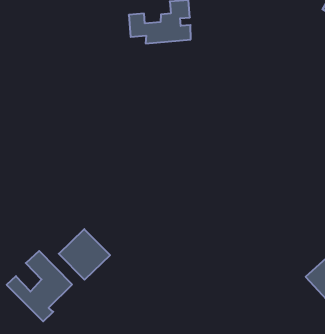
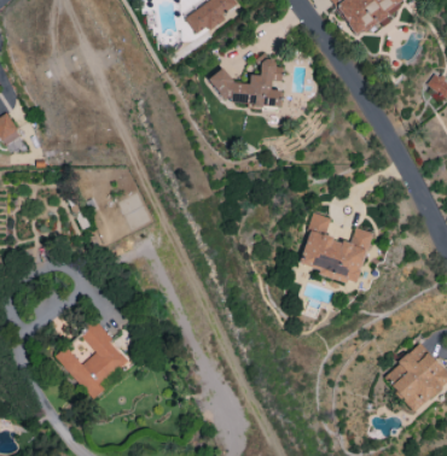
building: none -> [298,211,371,282]
building: [59,229,110,280] -> none

